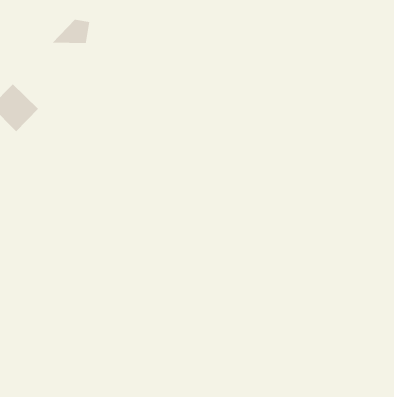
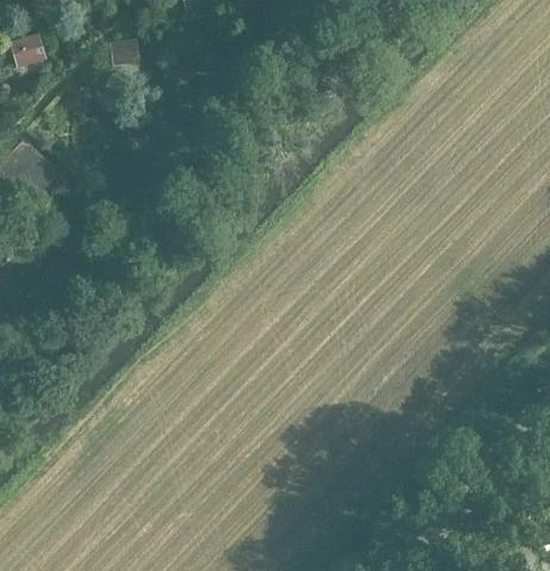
building: none -> [13,29,50,67]

